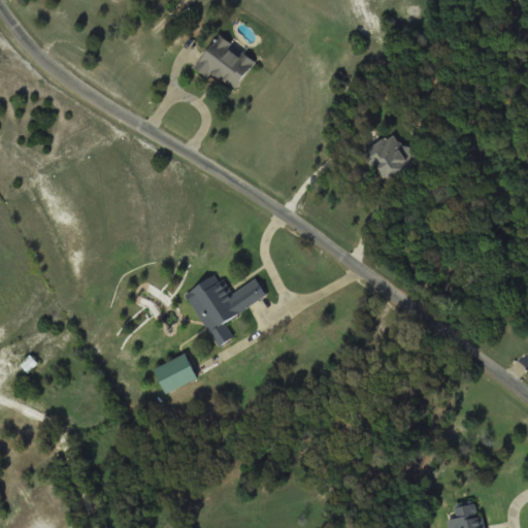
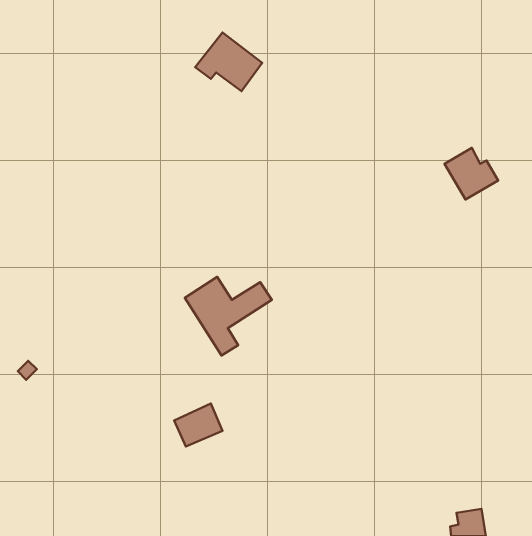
building: [368,132,421,183] -> [445,148,498,199]
building: [152,352,199,394] -> [174,404,223,447]

